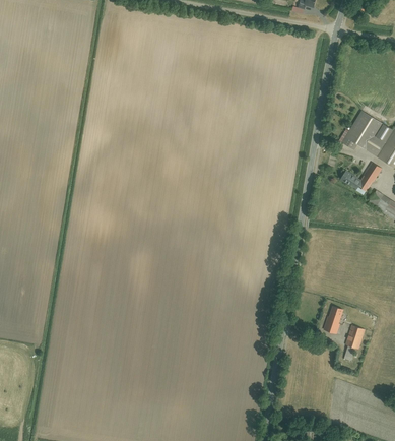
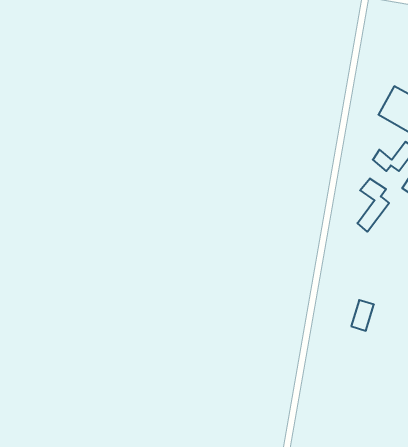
building: none -> [357,178,389,232]
building: [342,325,364,361] -> none

